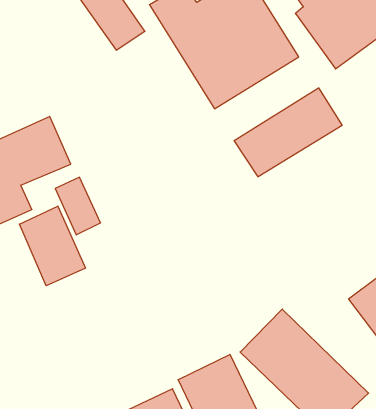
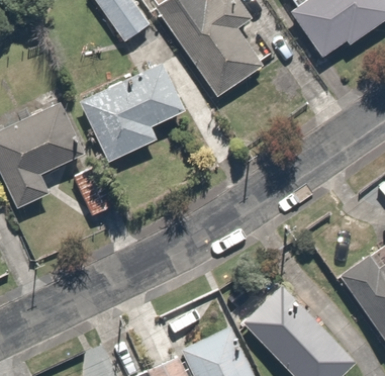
building: none -> [82,65,184,160]
building: [234,88,342,177] -> none
building: [19,206,86,286] -> none

